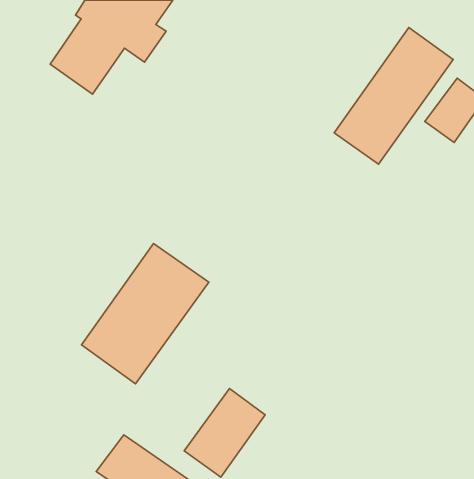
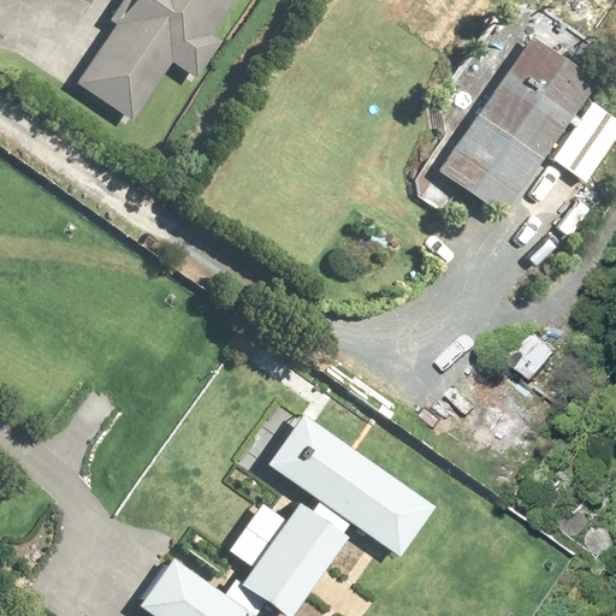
building: [81,243,209,384] -> none
building: none -> [273,409,437,550]

